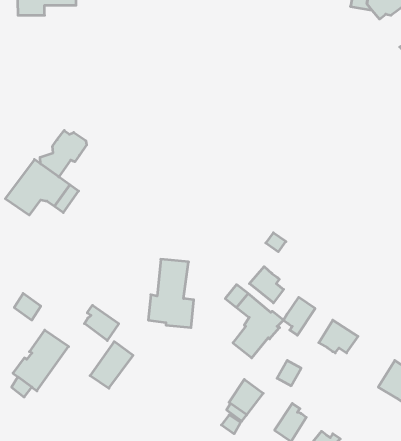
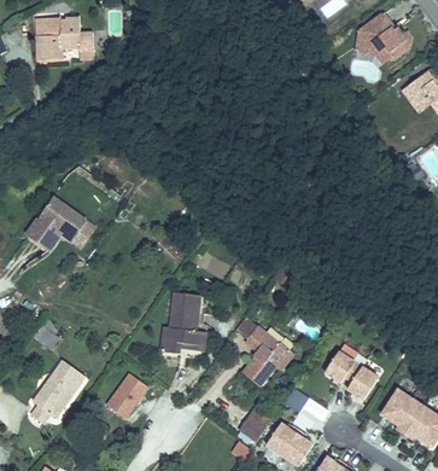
building: [40,130,87,177] -> none
building: [249,267,284,303] -> none
building: [283,297,315,335] -> [349,366,379,402]
building: [84,305,119,341] -> none
building: none -> [268,423,300,455]

